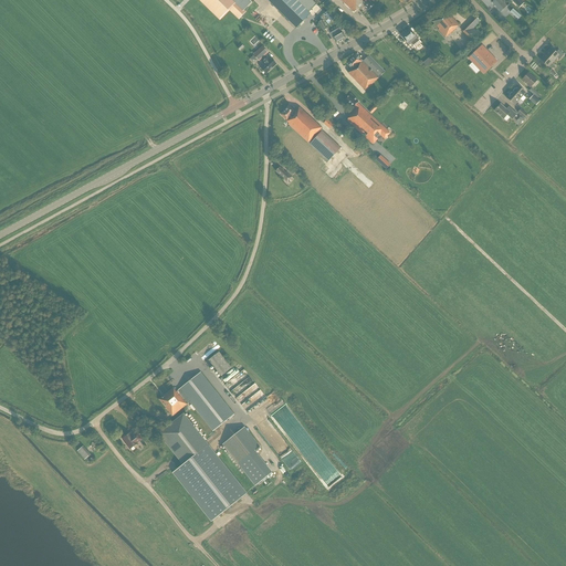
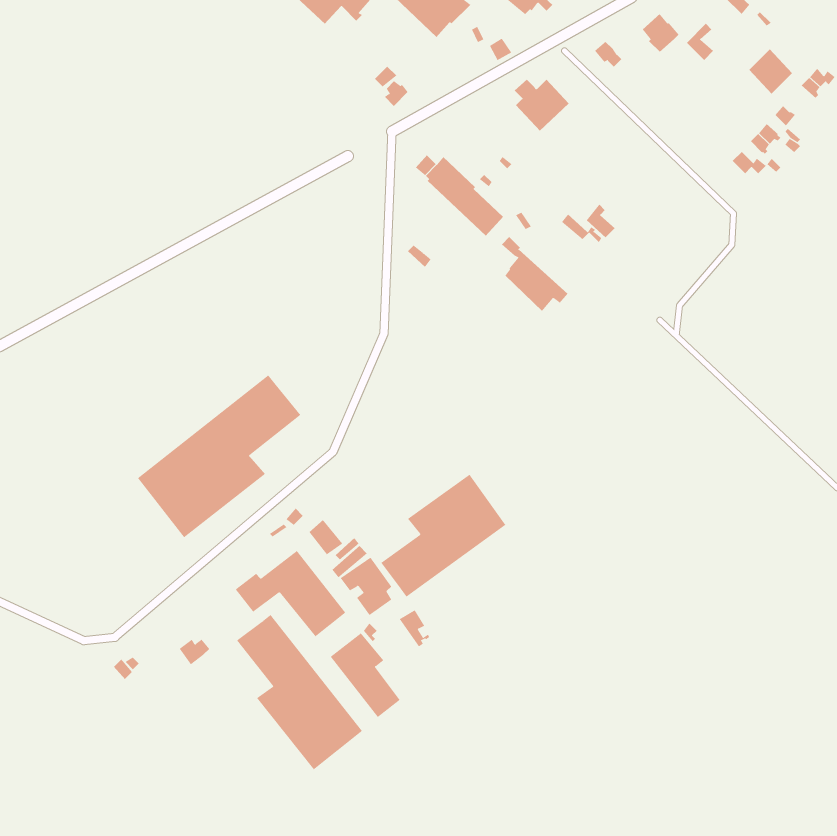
building: [467,42,496,73] -> [748,48,793,94]
building: [344,92,389,143] -> [501,236,568,312]
building: none -> [137,374,301,538]
building: none -> [380,474,506,597]

